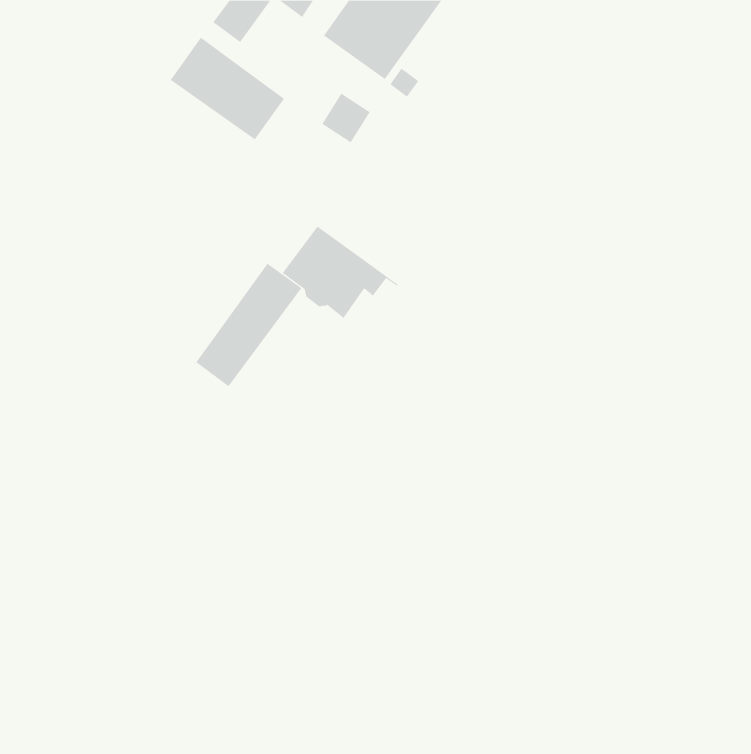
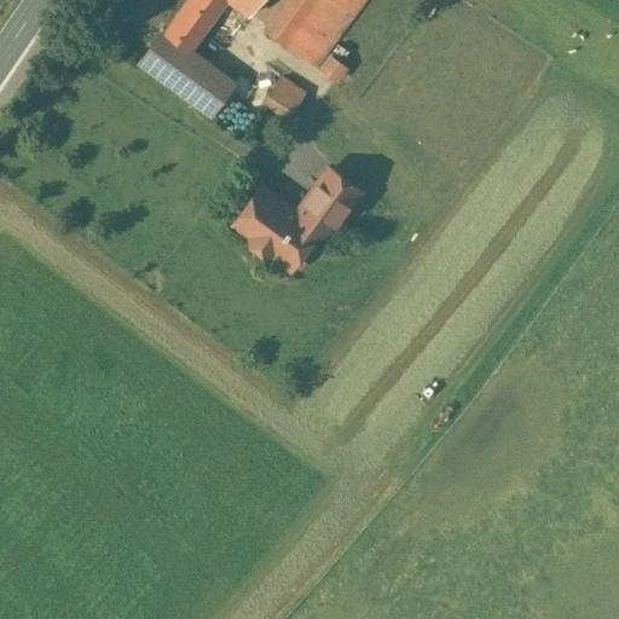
building: none -> [297,167,360,233]
building: [195,263,302,387] -> none

